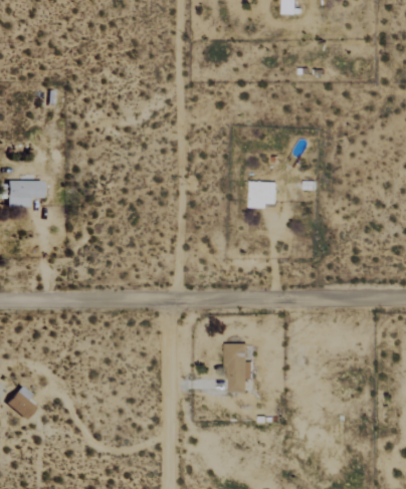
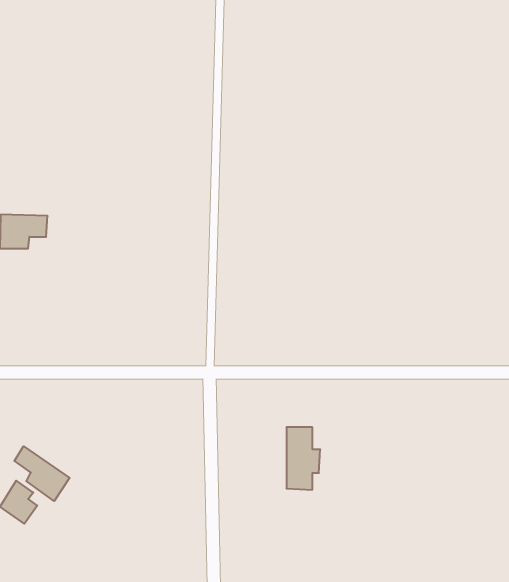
building: [249,182,277,208] -> none
building: none -> [14,446,70,501]

